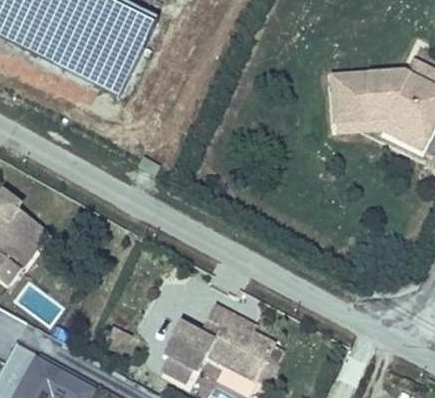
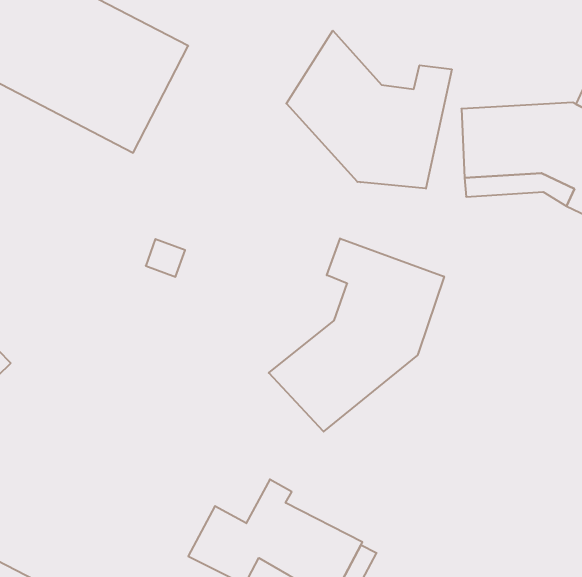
building: none -> [286,31,452,189]
building: none -> [269,238,444,432]

